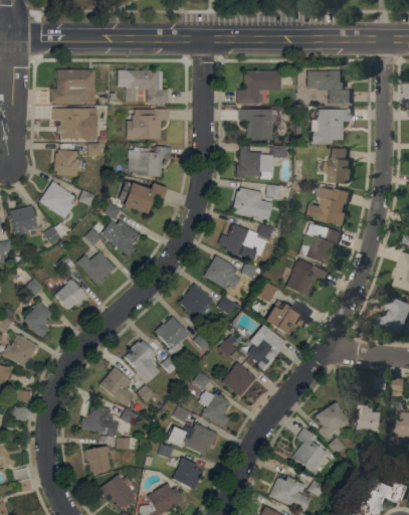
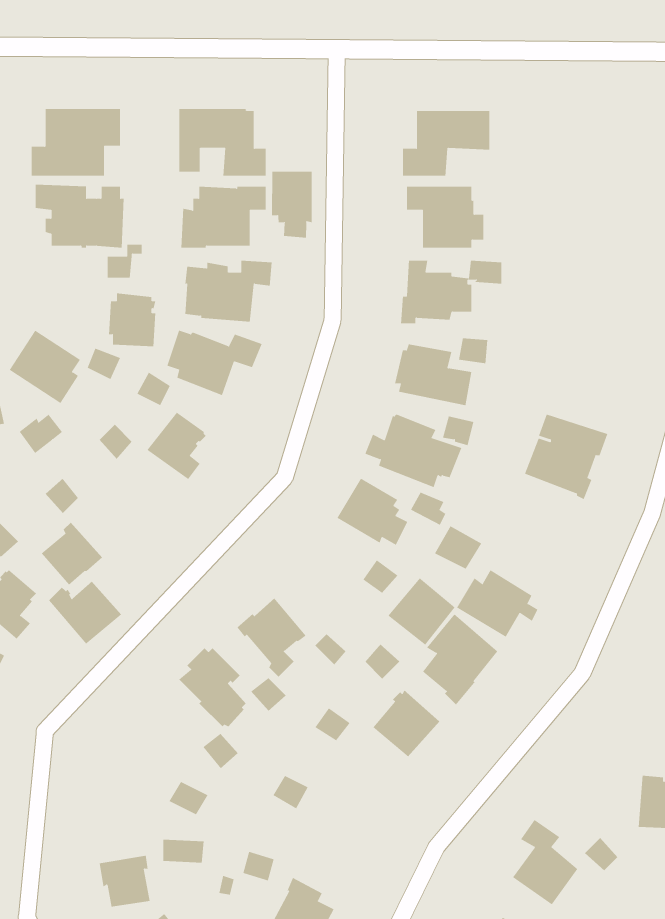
building: [306,70,351,105] -> none
building: none -> [271,171,312,238]
building: [312,109,351,143] -> none
building: [317,148,352,184] -> none
building: [54,149,78,176] -> [108,293,156,347]
building: [304,187,350,226] -> none
building: [77,251,115,284] -> [48,581,122,645]
building: [285,259,328,298] -> none
building: [179,284,213,318] -> [388,578,455,645]
building: [99,366,136,406] -> none
building: [199,390,230,426] -> none
building: [316,401,350,436] -> none
building: [80,405,120,436] -> none
building: [166,423,217,454] -> none

